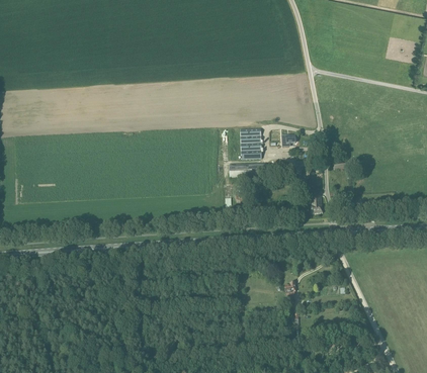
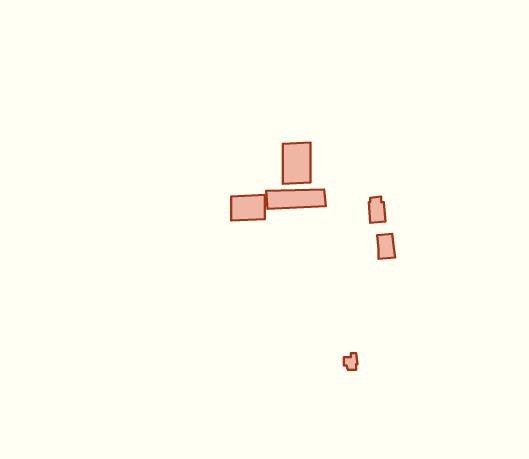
building: none -> [231,195,265,221]

